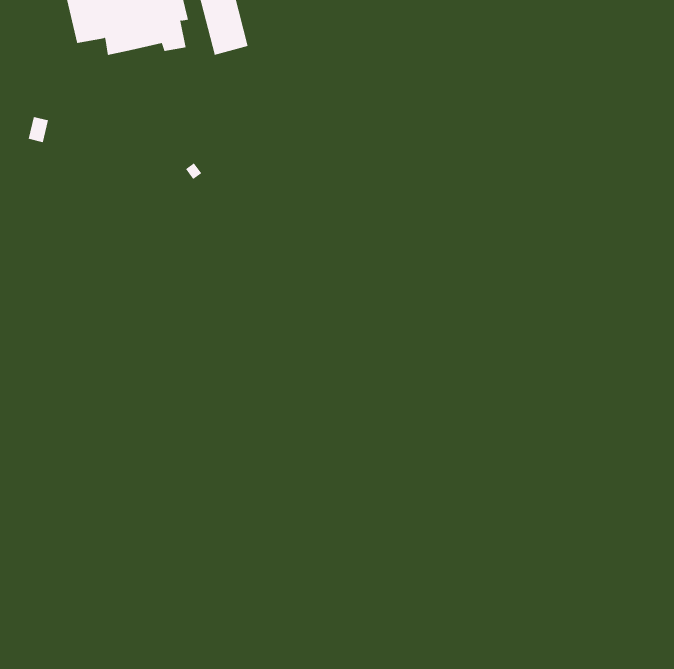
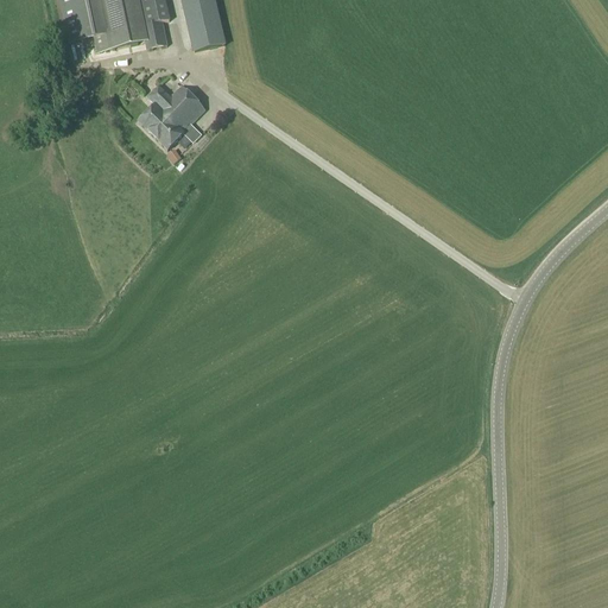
building: none -> [139,82,207,147]

